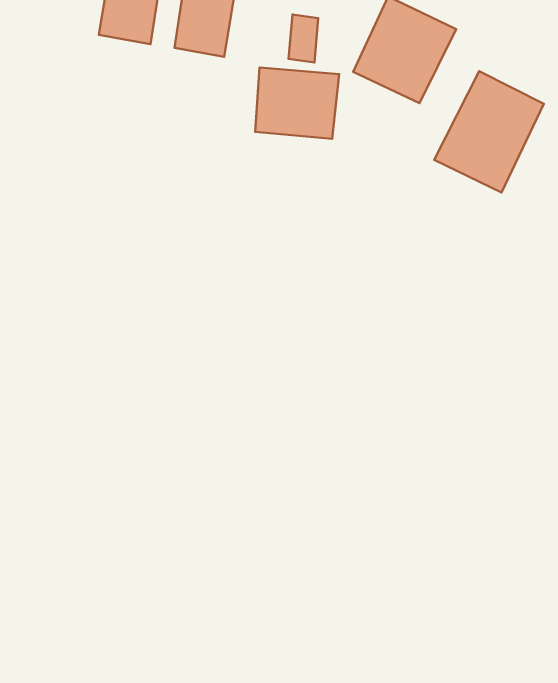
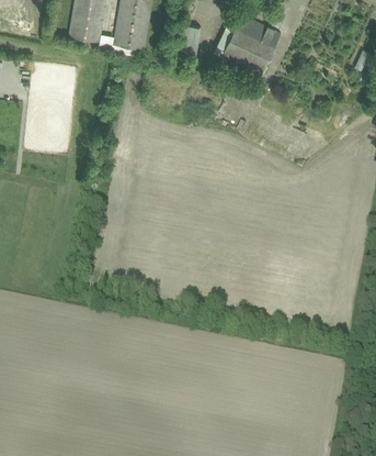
building: [255,67,339,139] -> none
building: [434,71,544,193] -> none

